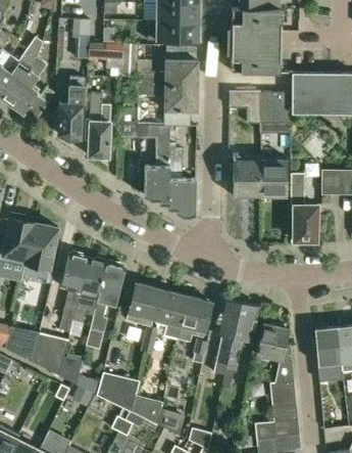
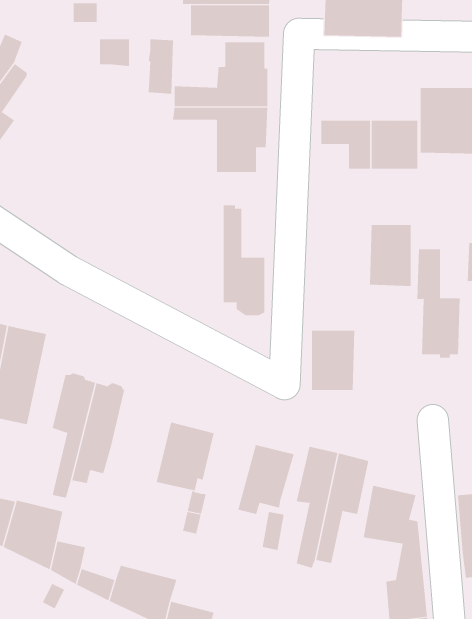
building: [231,41,281,73] -> none
building: [57,79,85,142] -> none
building: [86,94,111,161] -> none
building: [119,108,169,203] -> none
building: [234,160,261,197] -> [311,330,355,391]
building: [91,262,125,332] -> none
building: [156,290,189,338] -> none

